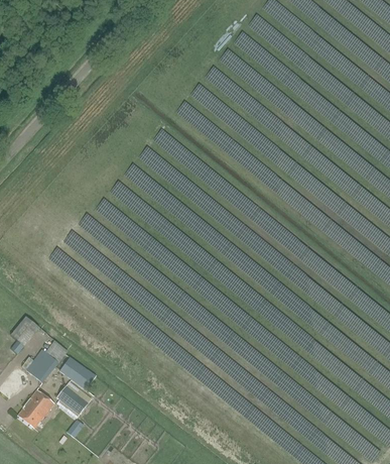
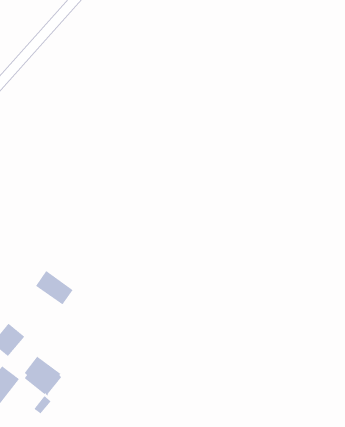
building: [59,356,96,389] -> [35,270,73,305]

